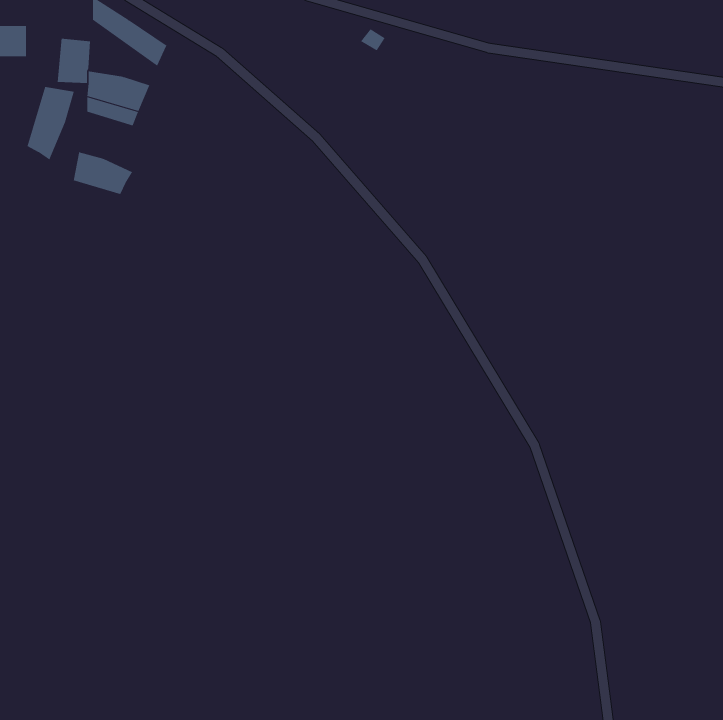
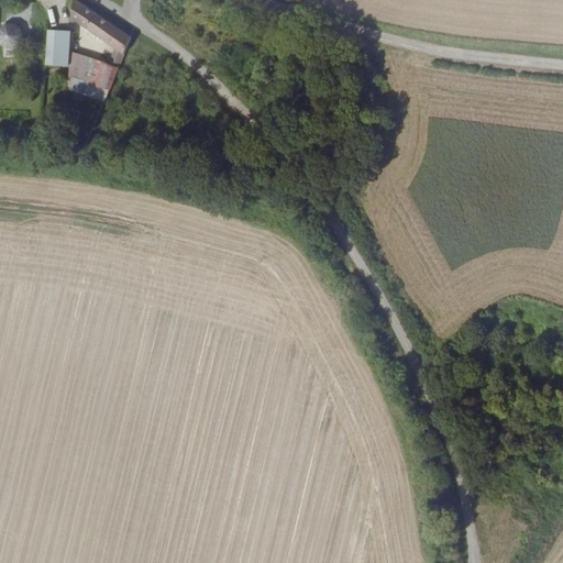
building: [27,86,74,160] -> none
building: [73,152,133,195] -> none

